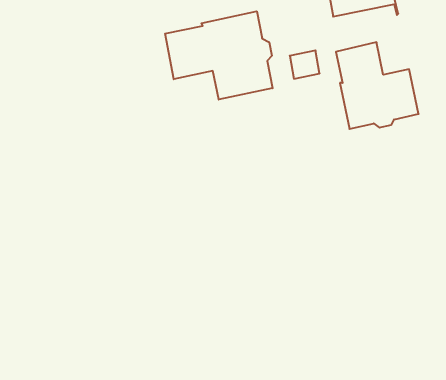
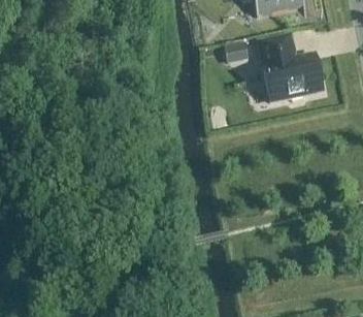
building: [165,11,273,100] -> none

